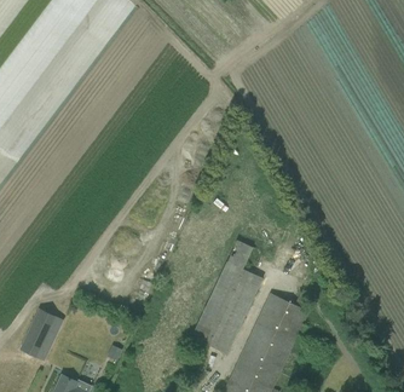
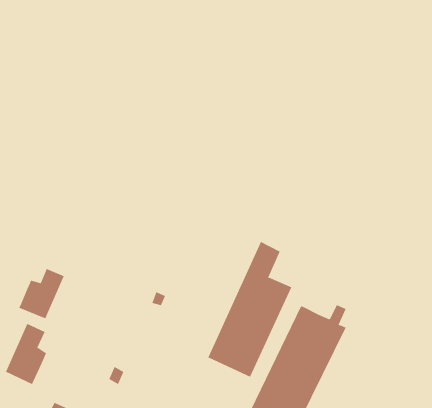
building: none -> [19,268,65,319]

